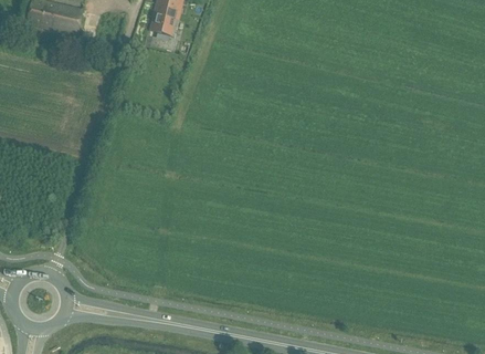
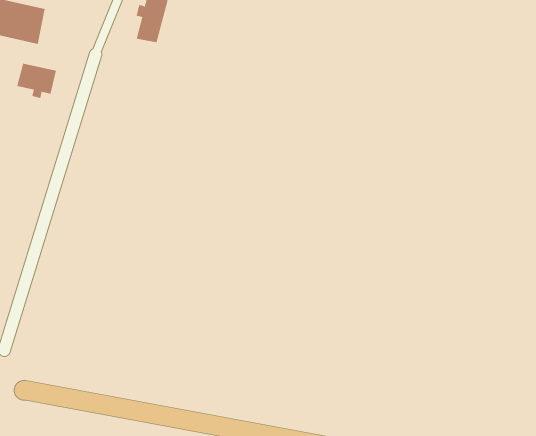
building: none -> [17,63,56,99]

